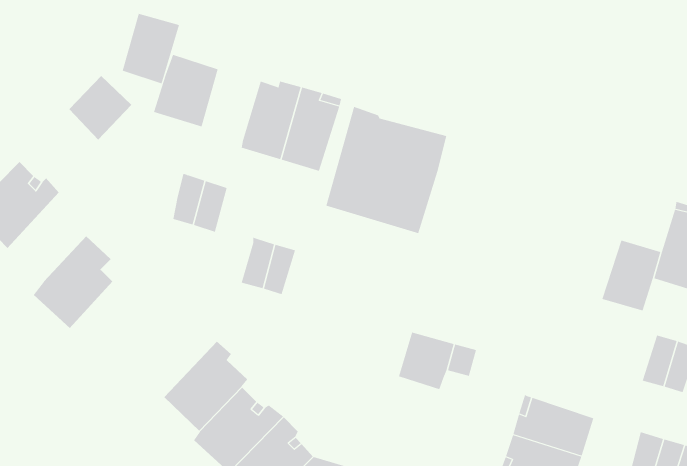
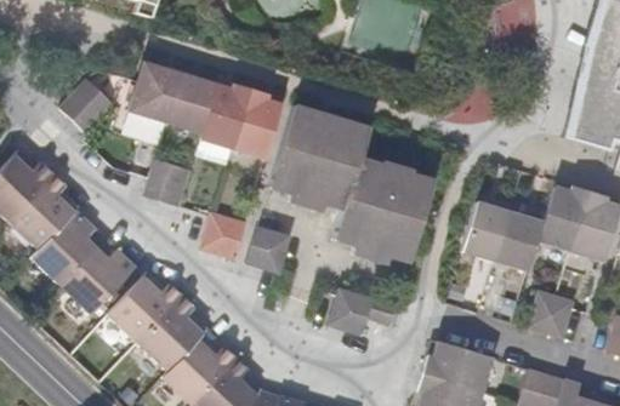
building: [122,13,180,84] -> [170,74,217,132]
building: none -> [337,158,434,262]
building: none -> [11,175,80,247]
building: none -> [463,204,512,262]
building: none -> [248,225,291,271]
building: none -> [62,247,135,314]
building: none -> [108,271,182,342]

